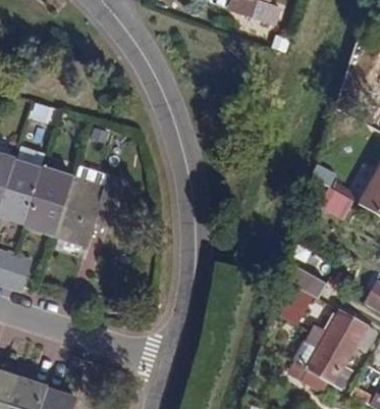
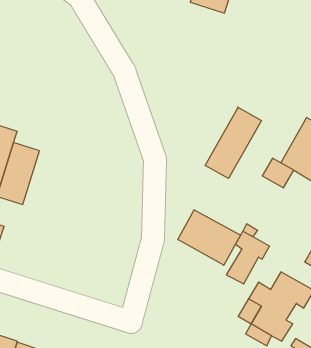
building: none -> [205,107,261,178]
building: [54,175,126,248] -> none
building: none -> [178,210,241,265]

